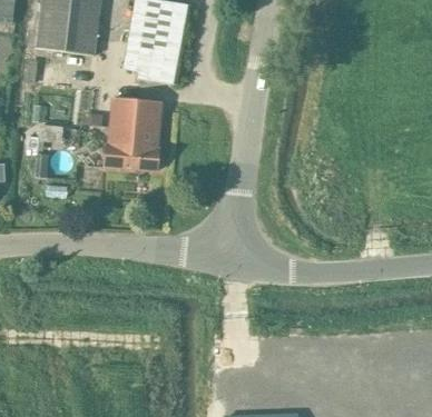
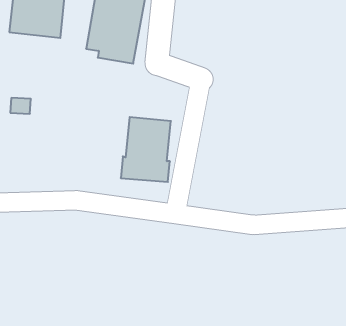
building: [104,97,160,170] -> [121,117,171,182]

